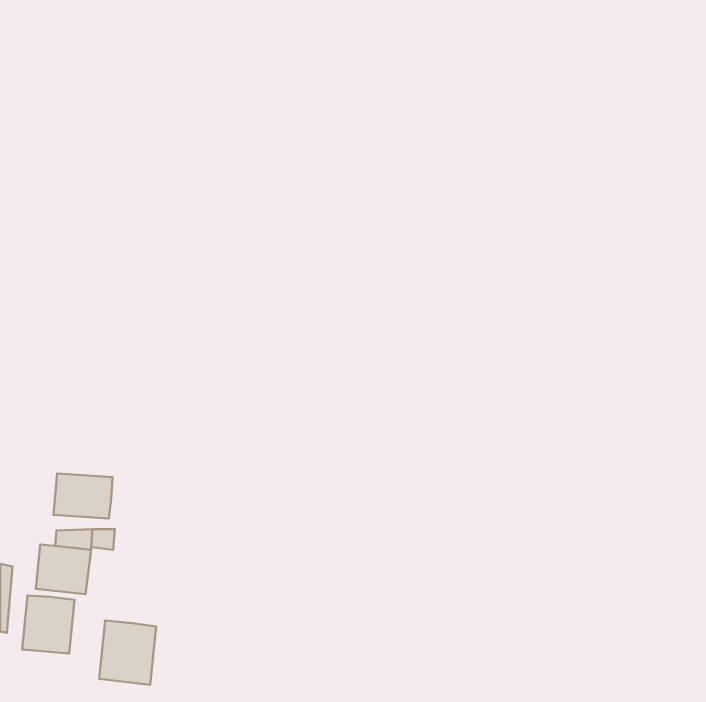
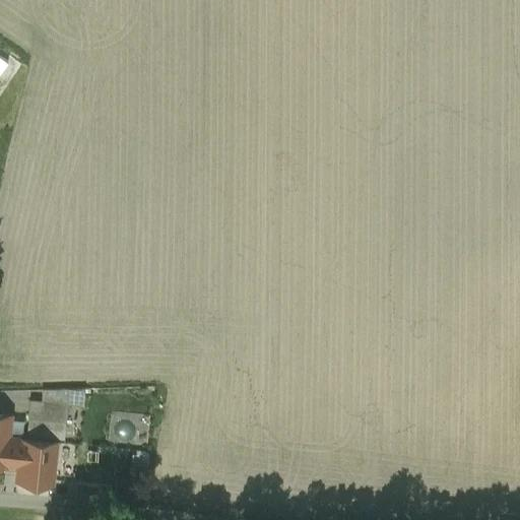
building: [54,473,112,519] -> none
building: [99,621,156,685] -> none

